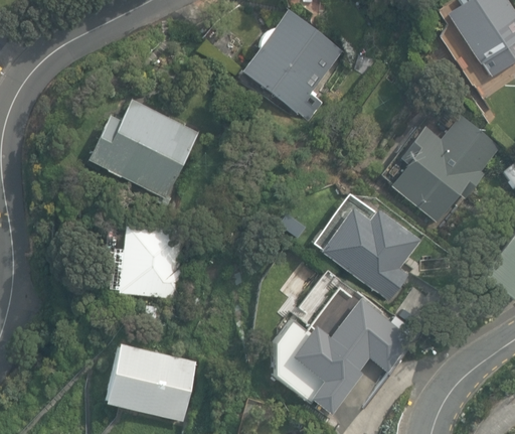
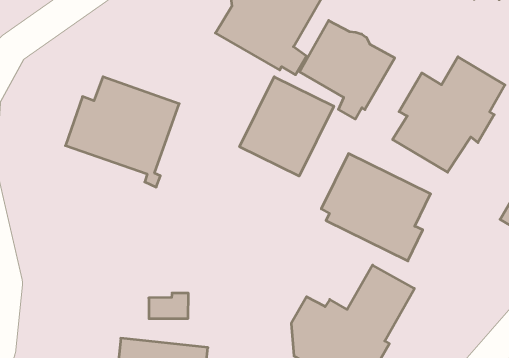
building: none -> [300,20,395,119]
building: none -> [240,77,334,176]
building: [108,222,187,299] -> none

